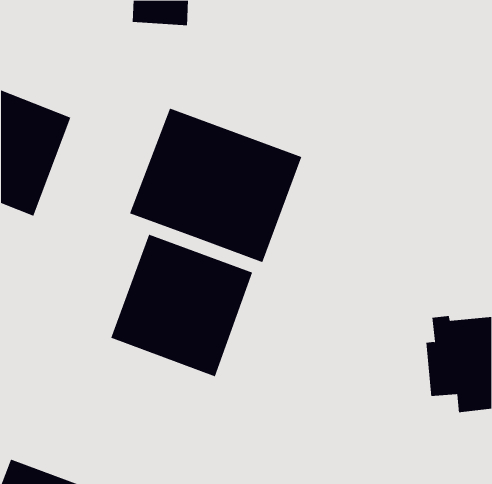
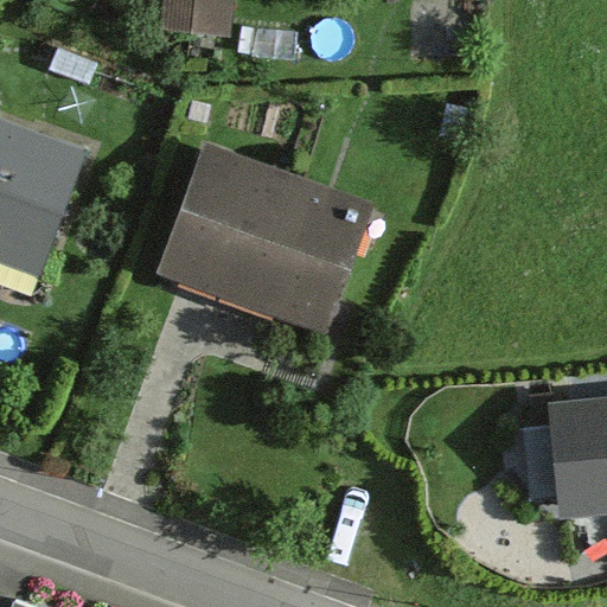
building: [110,234,253,377] -> none

